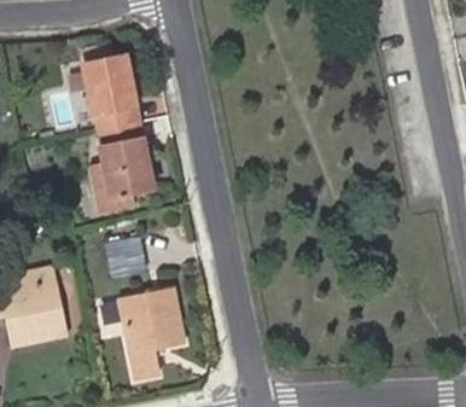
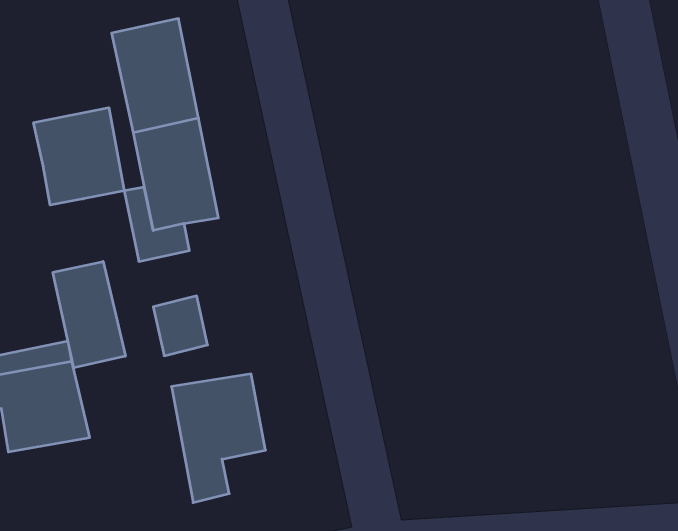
building: none -> [34,108,124,205]
building: none -> [53,261,125,368]

